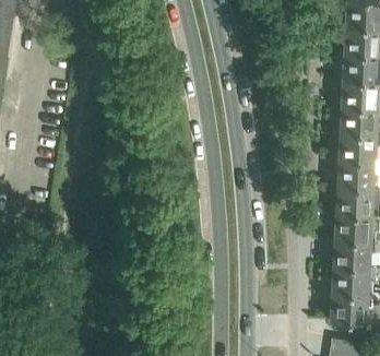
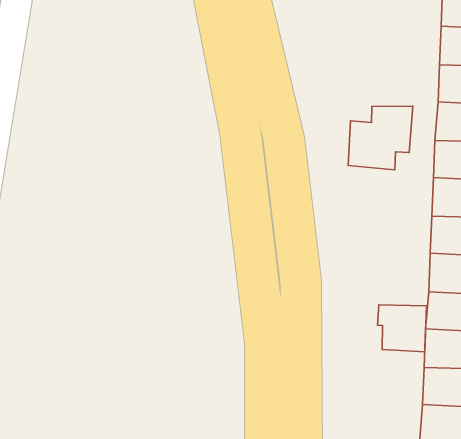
building: none -> [348,106,413,170]
building: none -> [378,305,427,352]

